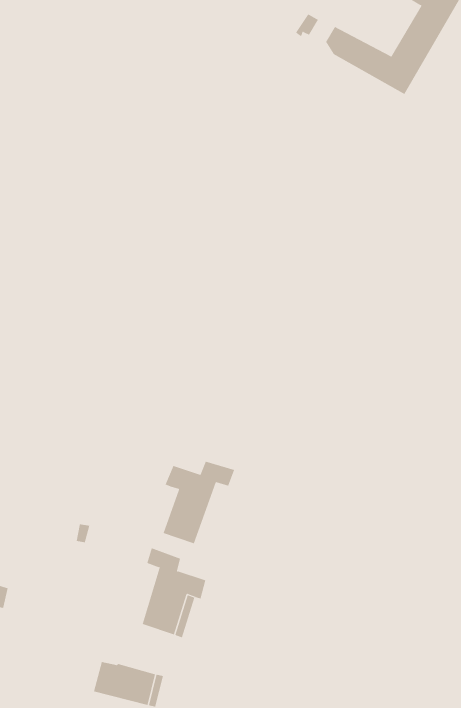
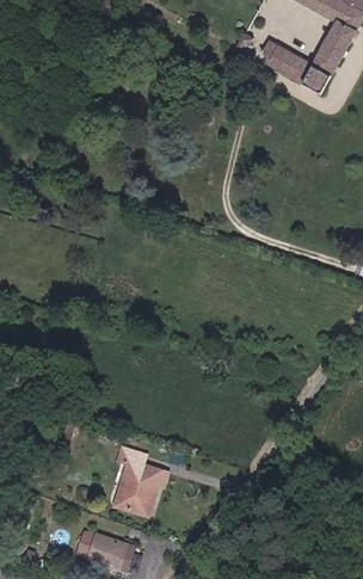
building: [163,461,235,544] -> none

